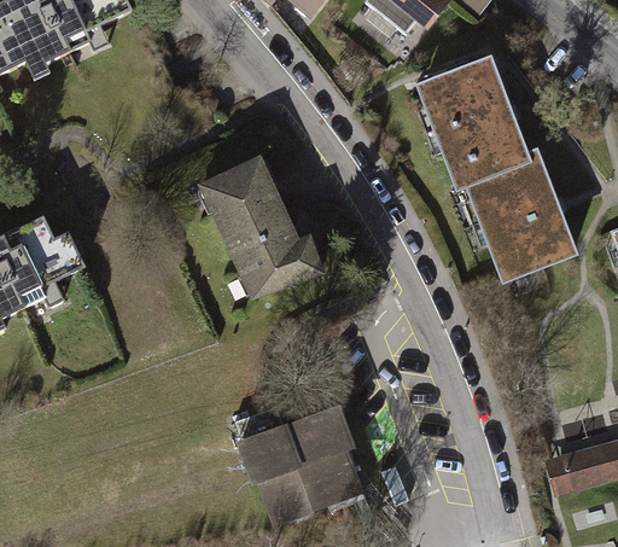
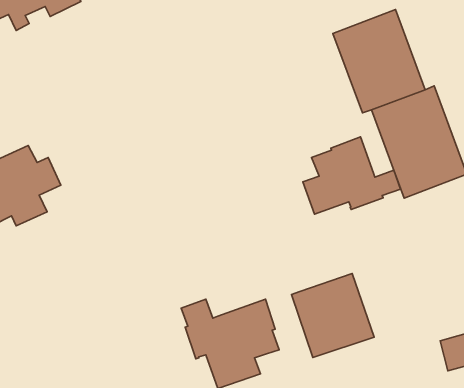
building: [196,155,326,301] -> none
building: none -> [303,137,401,214]
building: none -> [291,274,374,358]

